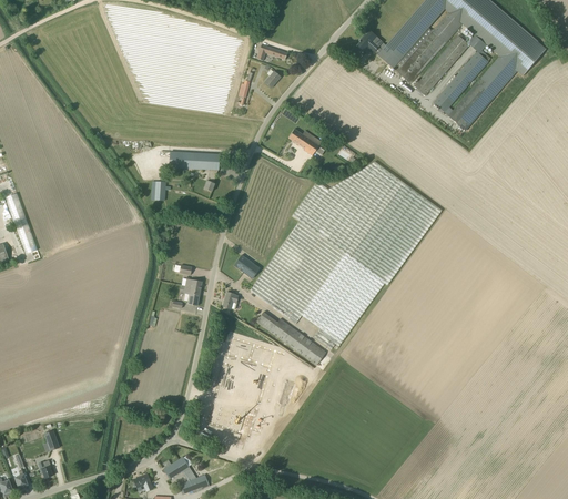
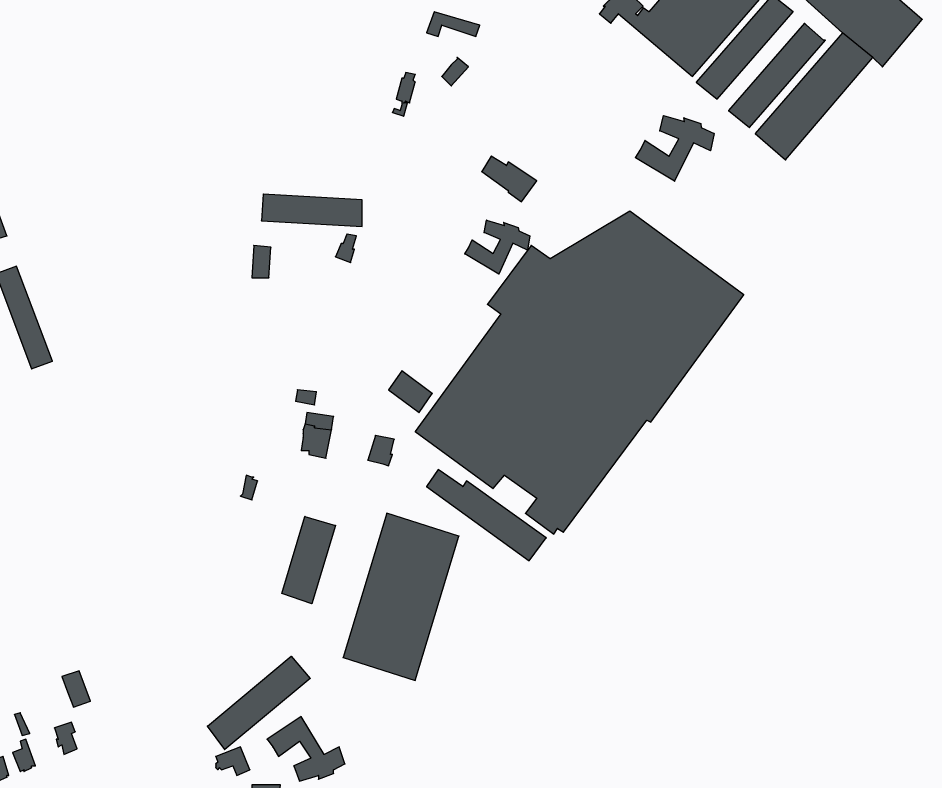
building: none -> [635,116,714,181]
building: none -> [465,220,530,274]
building: none -> [282,516,336,604]
building: none -> [207,656,310,750]

